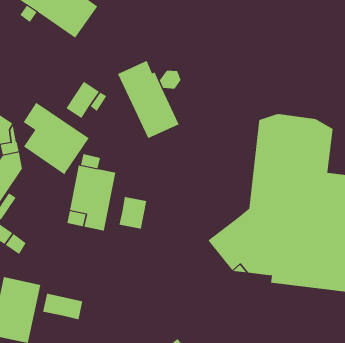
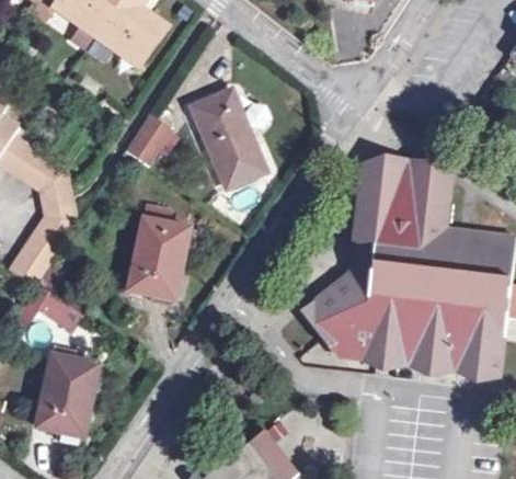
building: [23,102,89,175] -> none
building: [119,196,147,230] -> none
building: [43,293,83,320] -> none

